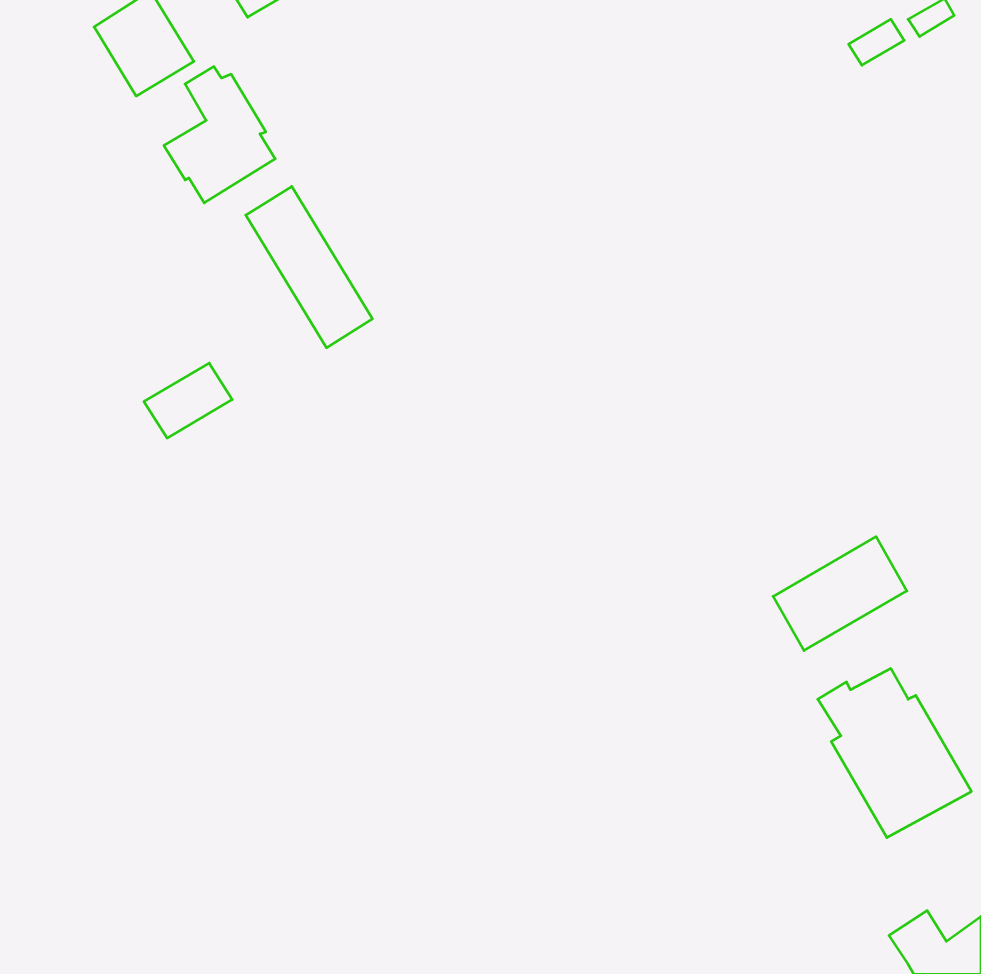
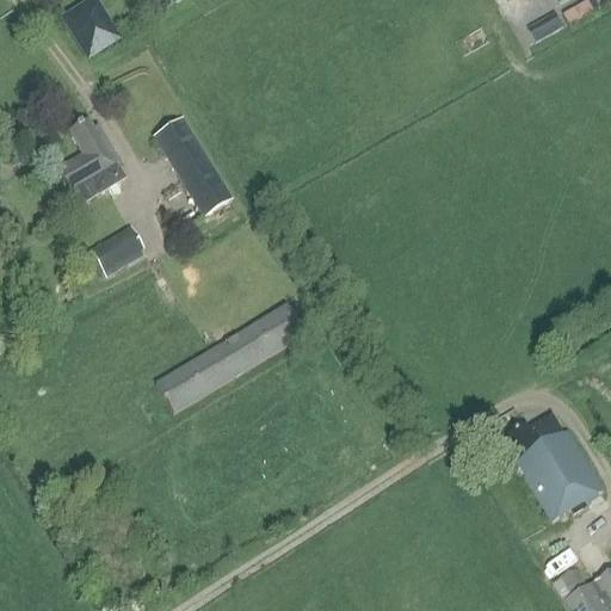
building: [164,67,275,203] -> [56,119,125,204]
building: none -> [155,303,304,412]
building: [773,537,907,651] -> none

